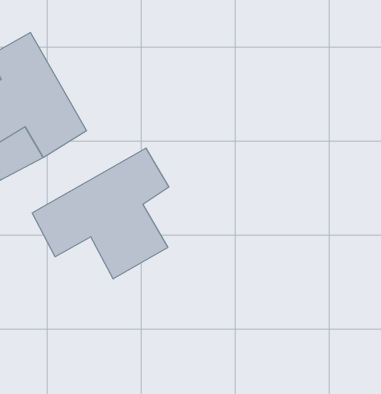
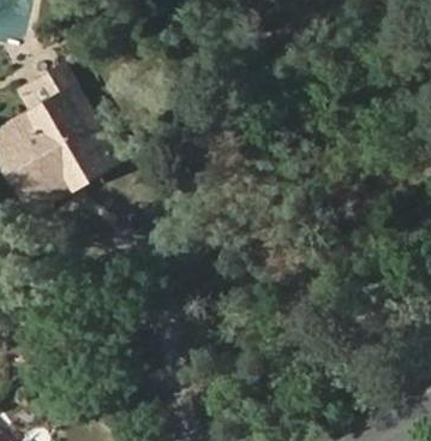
building: [32,148,169,279] -> none

